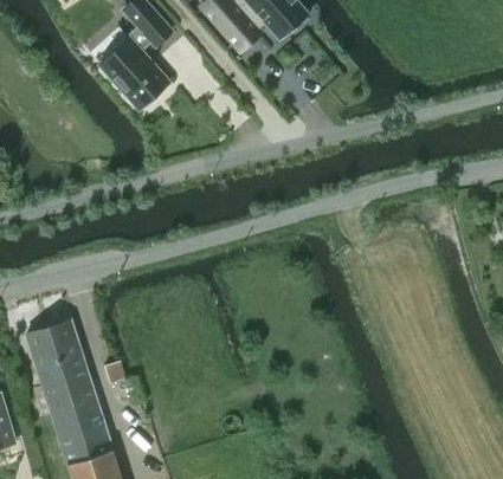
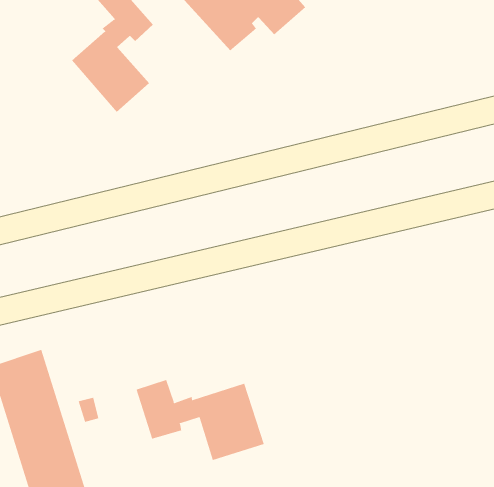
building: none -> [136,379,264,461]

